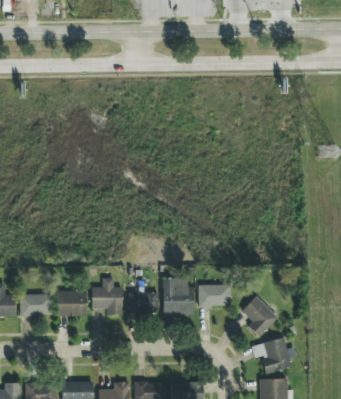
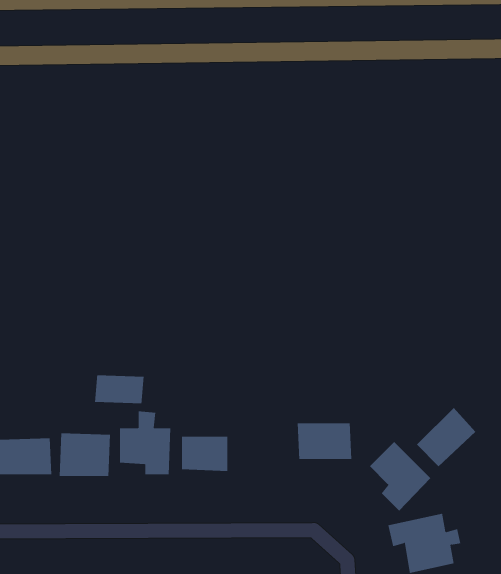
building: none -> [94,374,144,404]
building: none -> [416,407,476,467]
building: [163,278,194,317] -> none

